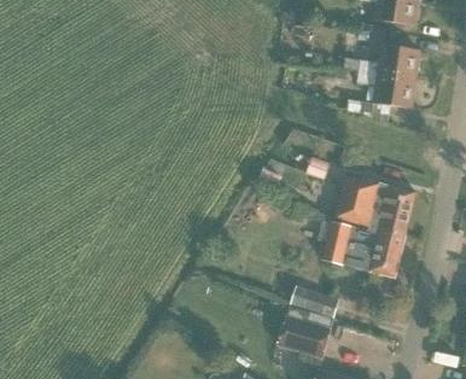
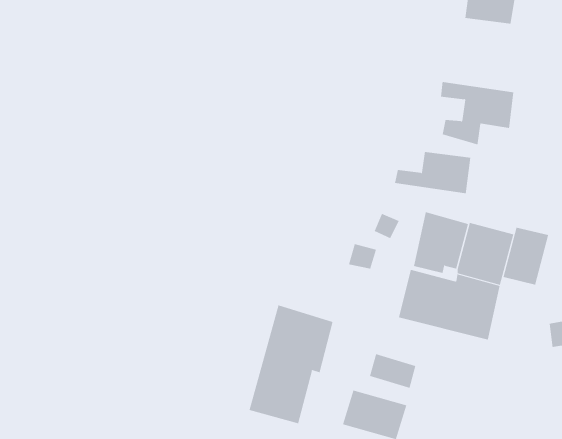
building: [357,45,419,78] -> [394,151,471,194]
building: none -> [503,227,549,285]
building: none -> [249,304,333,424]

